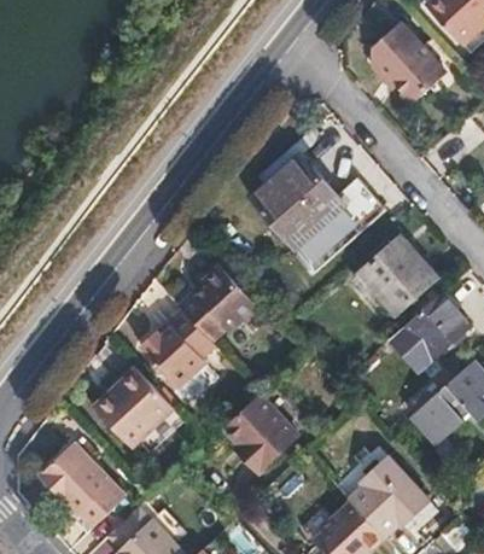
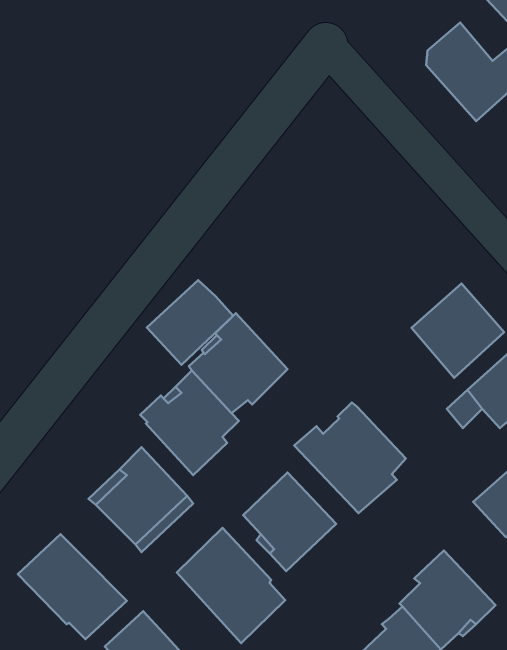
building: [250,145,386,272] -> none
building: none -> [147,280,233,365]
building: none -> [294,402,406,513]
building: none -> [177,528,285,643]

